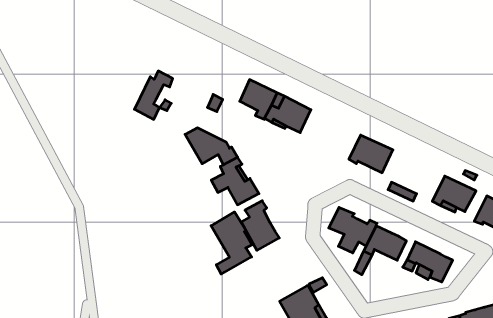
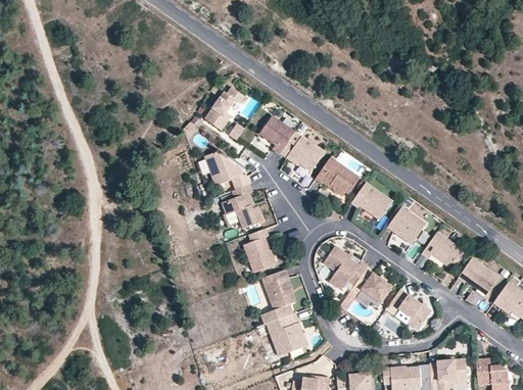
building: [134,71,173,119] -> [204,86,244,130]
building: none -> [315,156,360,196]
building: none -> [387,206,426,244]
building: [211,212,252,274] -> [260,269,296,324]

